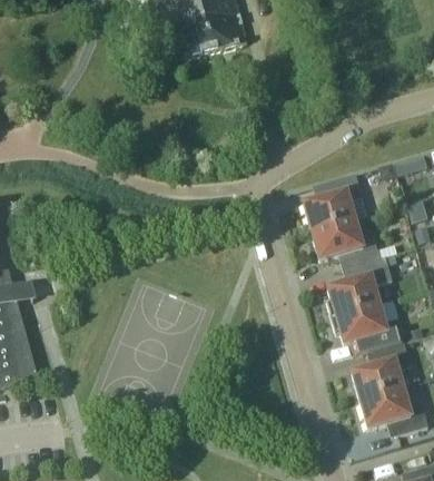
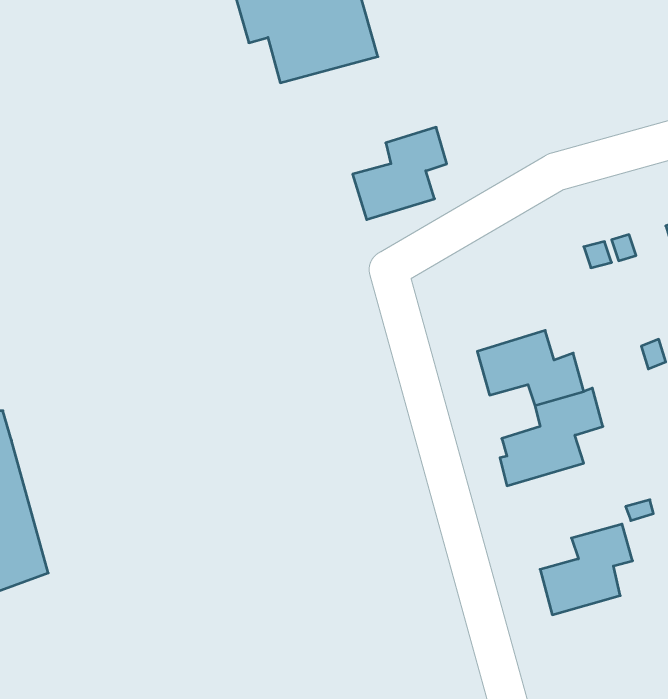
building: [303,171,363,230] -> [353,127,447,220]
building: [331,302,404,355] -> none
building: [359,386,428,433] -> none

